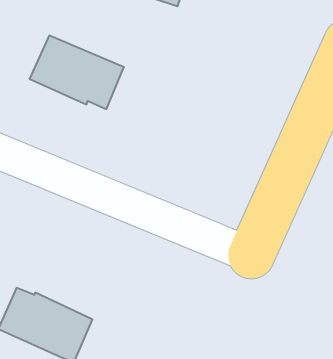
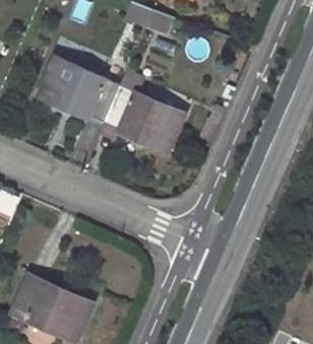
building: none -> [104,85,185,153]

